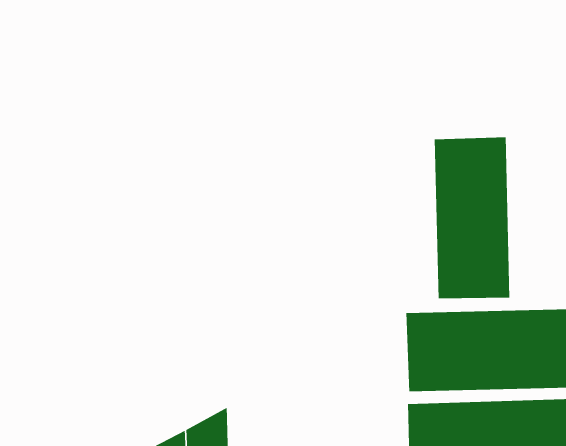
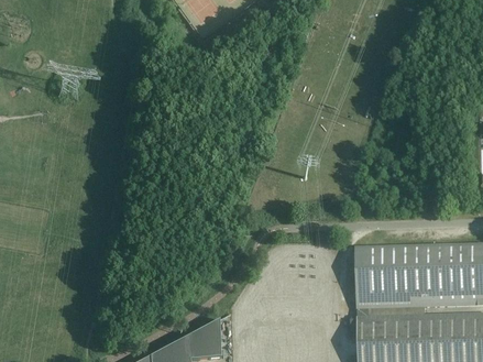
building: [434,137,510,299] -> none

